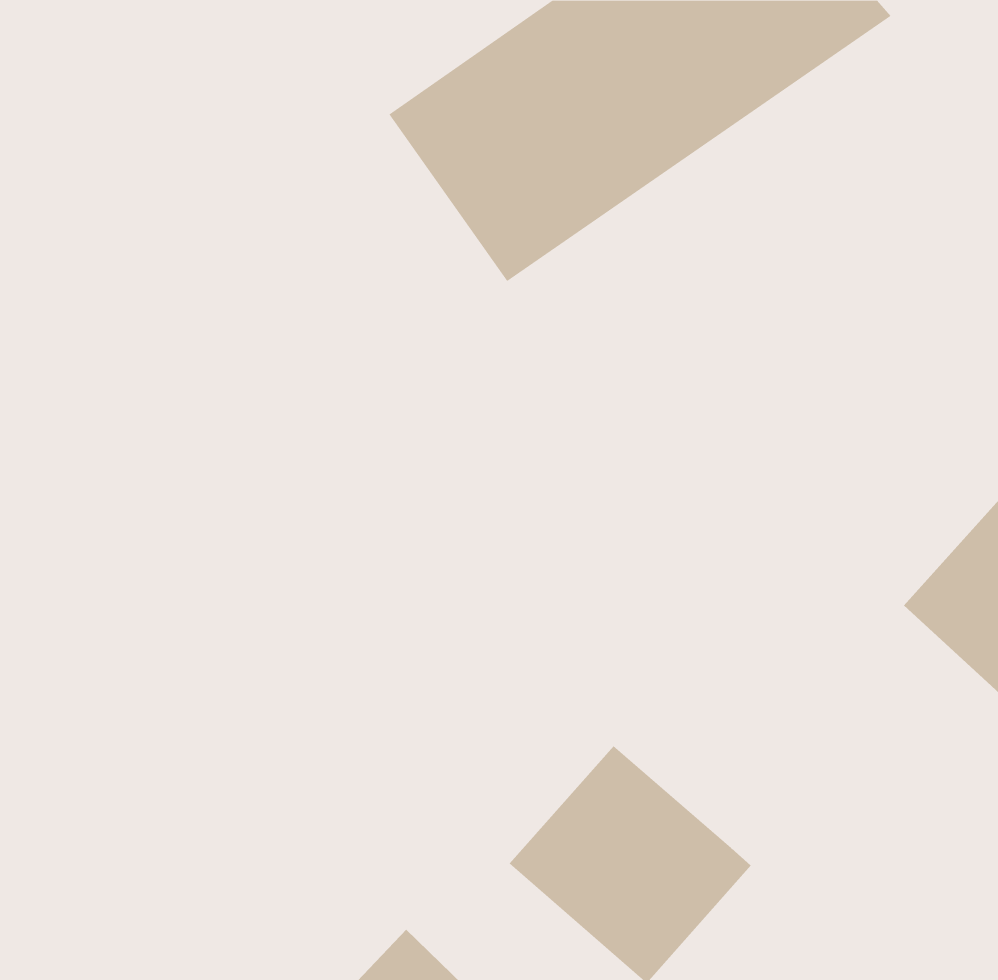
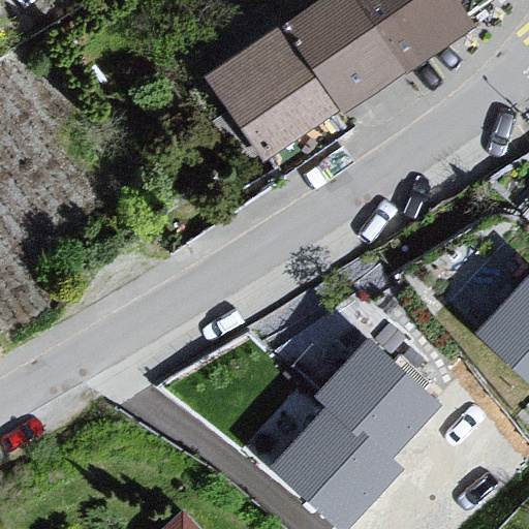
building: none -> [316,339,438,459]

